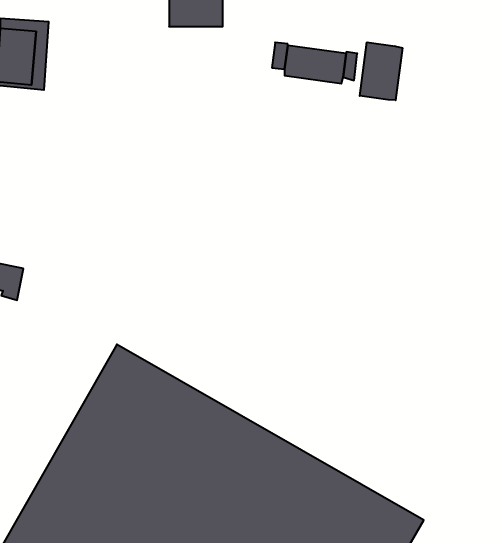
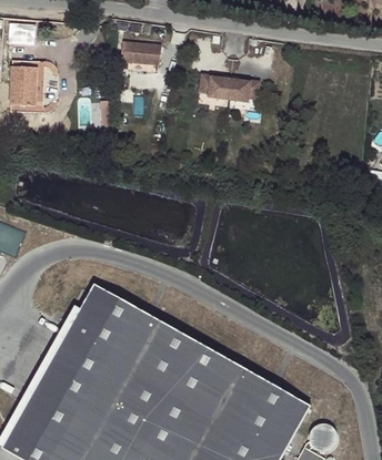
building: [360,42,402,100] -> none

